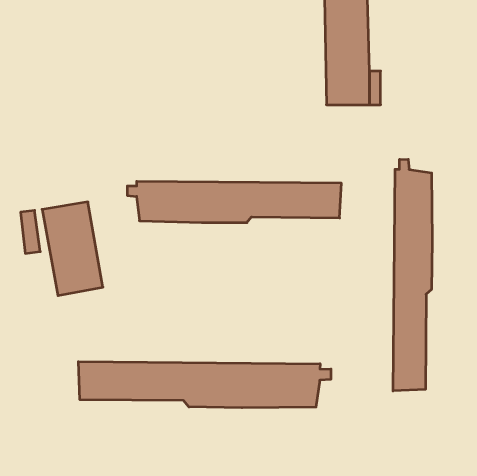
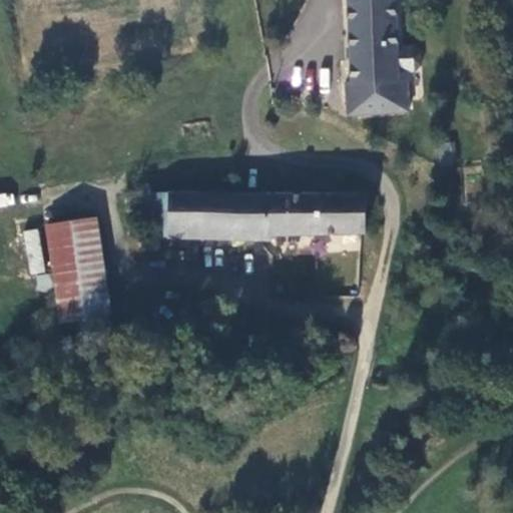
building: [393,159,432,391] -> none
building: [78,362,331,408] -> none

